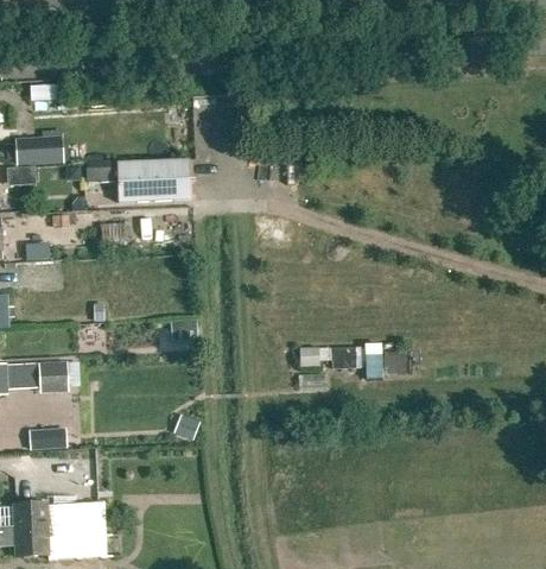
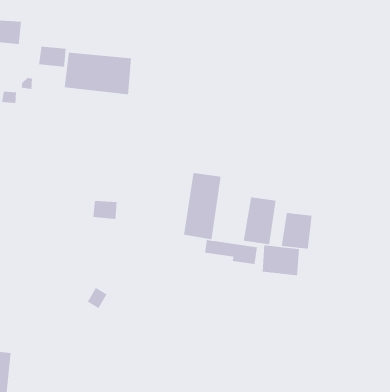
building: none -> [183,172,221,240]
building: none -> [243,196,276,245]
building: none -> [281,212,312,249]

